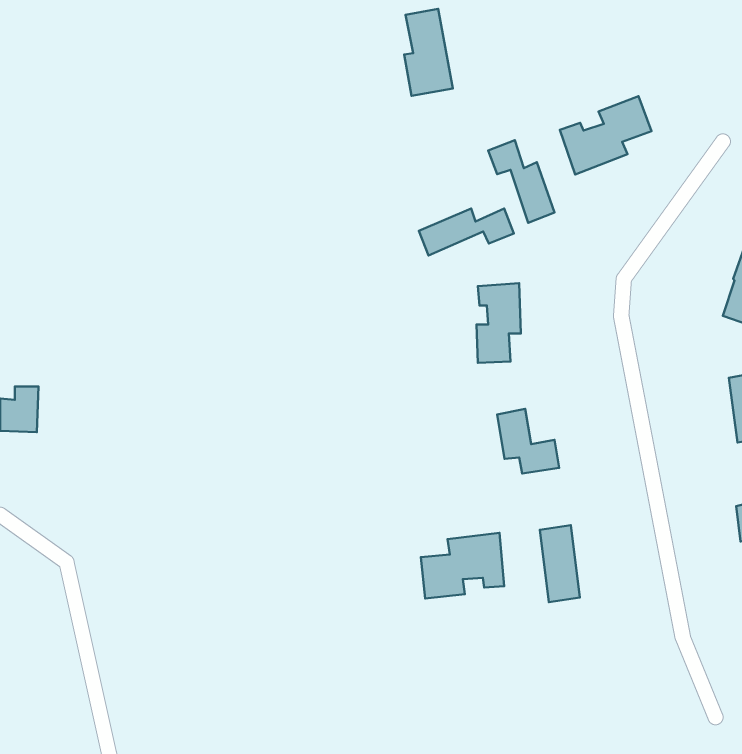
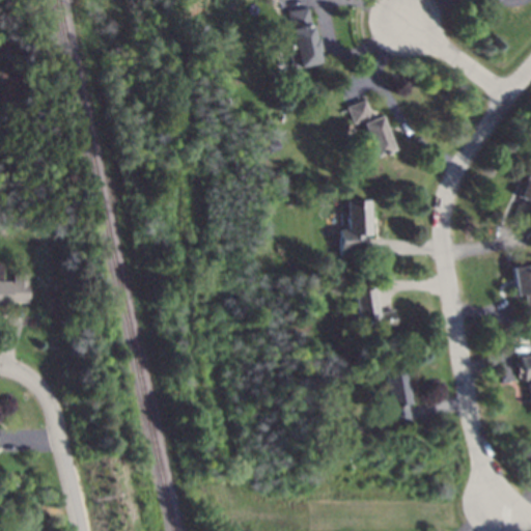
building: [560,96,652,174] -> none
building: [419,208,514,256] -> none
building: [421,533,504,599] -> none

